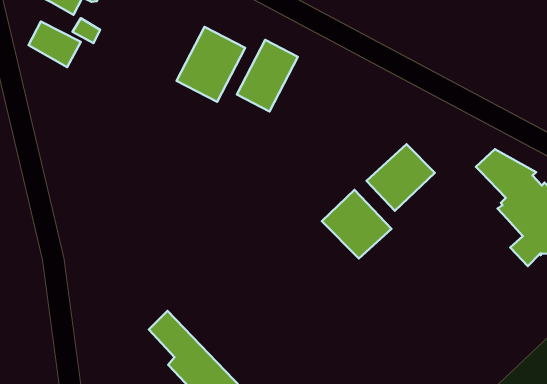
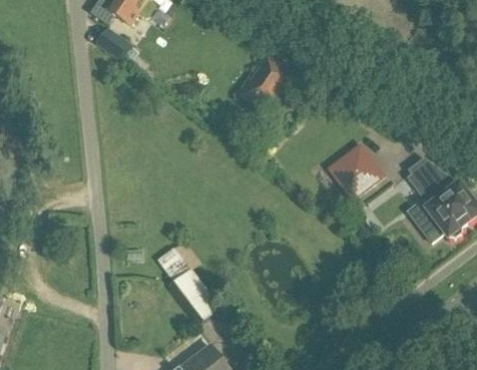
building: [176,27,245,102] -> none
building: [322,190,392,259] -> none

